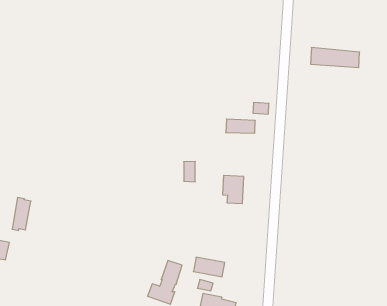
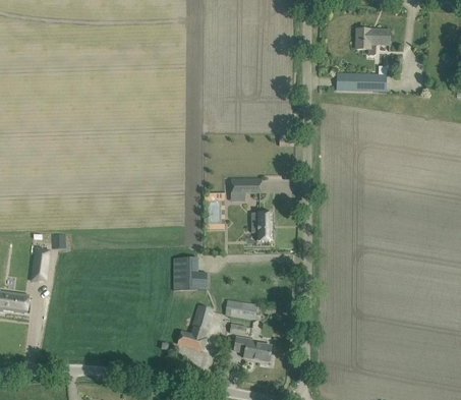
building: none -> [355,28,389,50]
building: [226,119,255,133] -> [230,179,261,193]
building: none -> [172,258,207,290]

